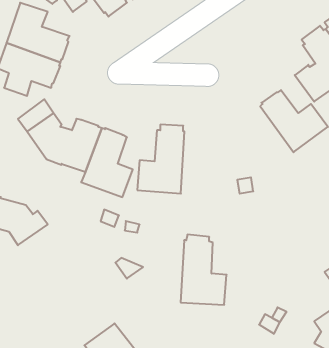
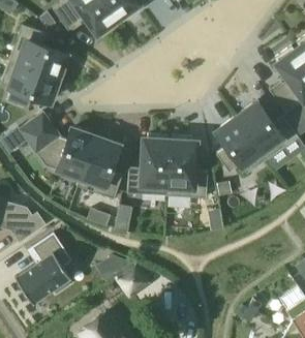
building: none -> [216,118,268,174]
building: none -> [12,229,69,301]
building: [181,235,227,305] -> [166,135,208,198]

